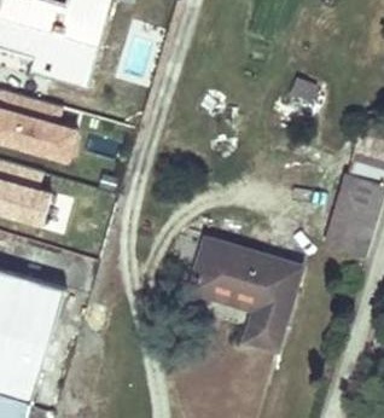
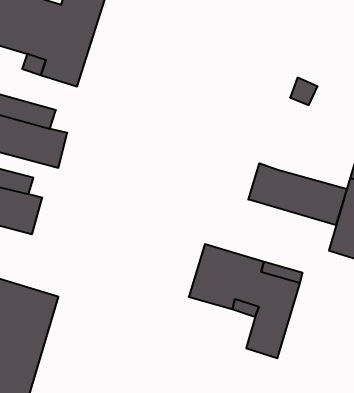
building: none -> [248,163,347,225]

